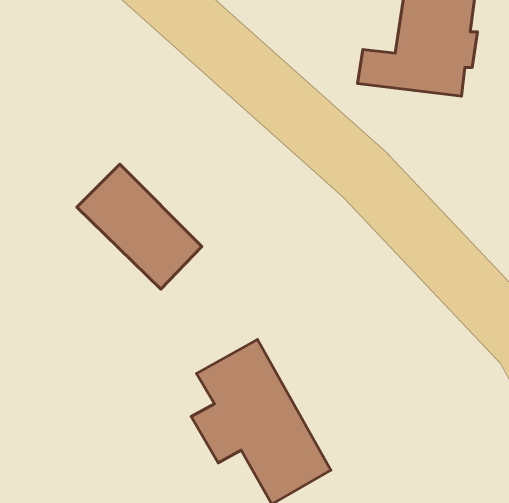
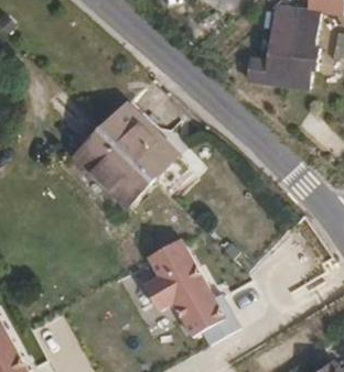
building: none -> [97,105,173,180]

